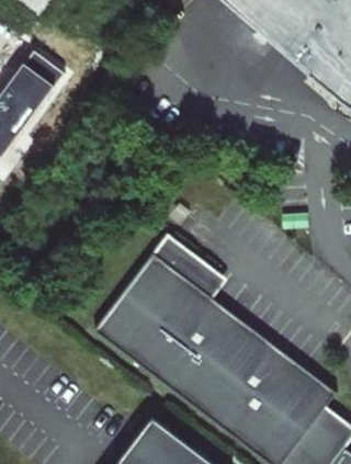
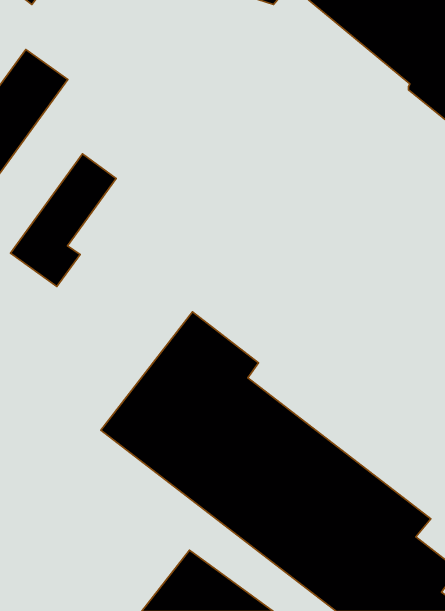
building: none -> [10,154,116,286]

